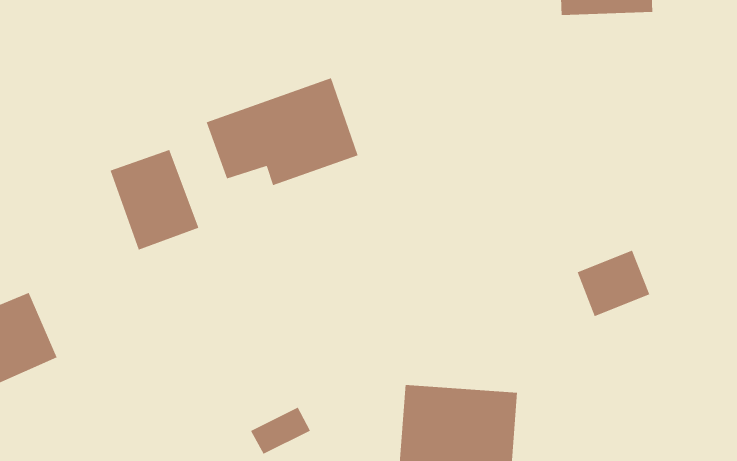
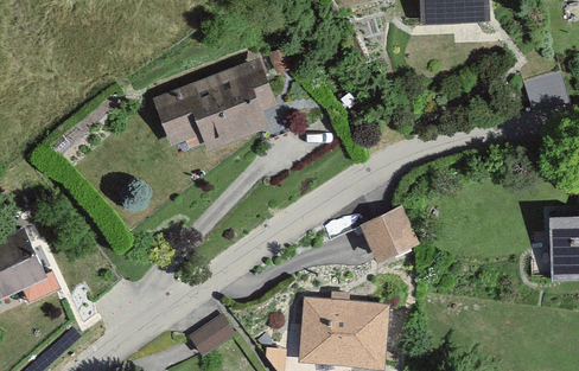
building: [110,149,199,251] -> none
building: [577,250,650,317] -> [363,209,418,258]

